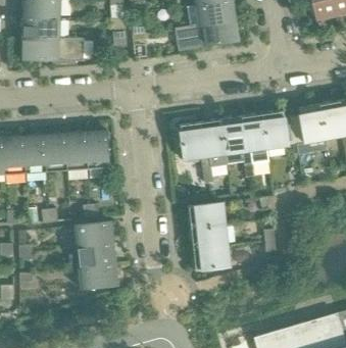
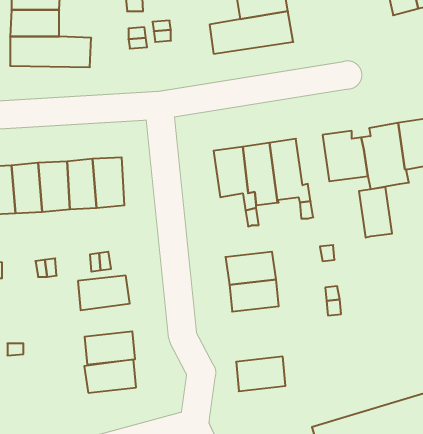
building: [241,113,266,152] -> [359,187,392,238]
building: [76,243,115,268] -> [84,360,136,393]
building: [192,245,230,271] -> [236,357,285,391]

